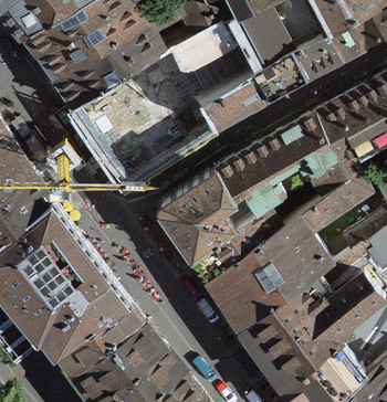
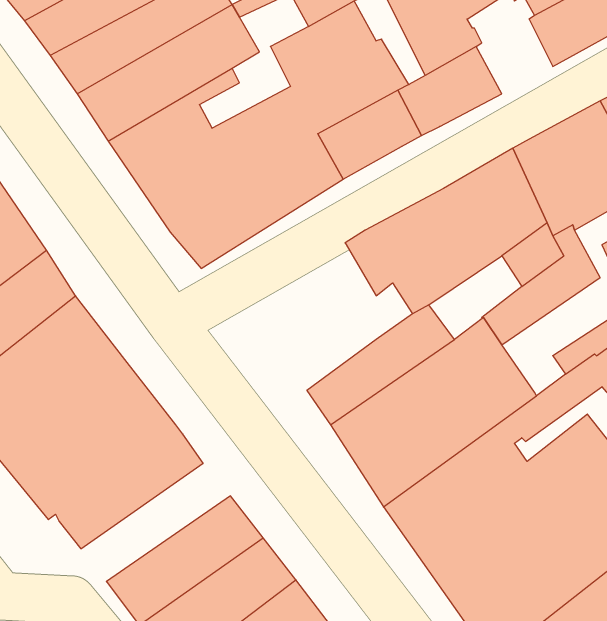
building: [295,34,342,80] -> none
building: [159,170,234,260] -> none
building: [55,304,146,375] -> none

